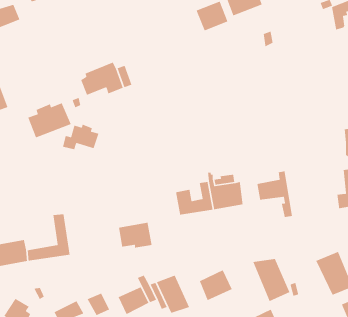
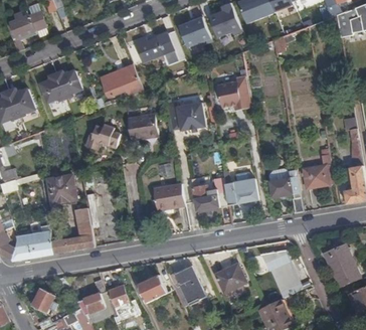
building: none -> [178,16,211,47]
building: none -> [135,31,184,65]
building: none -> [216,75,250,110]
building: none -> [176,102,204,130]
building: [27,102,72,139] -> [39,68,81,103]
building: none -> [127,115,156,141]
building: none -> [302,154,333,189]
building: none -> [47,176,75,204]
building: [118,222,152,249] -> [152,184,184,209]

